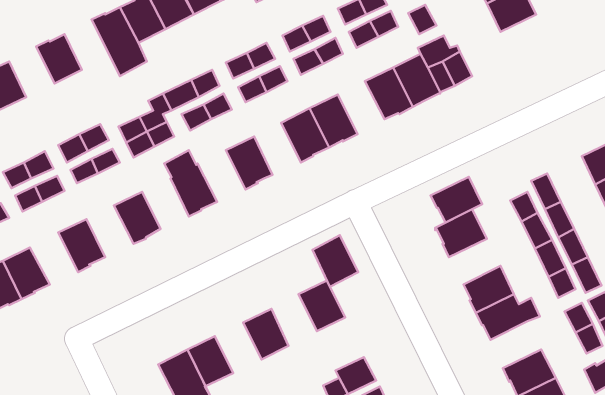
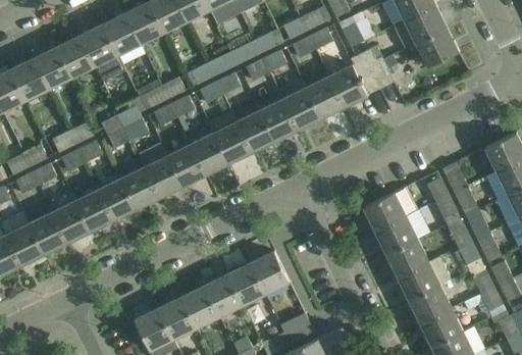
building: none -> [417,31,460,68]
building: none -> [56,35,94,77]
building: none -> [10,57,51,100]
building: none -> [282,86,321,130]
building: none -> [213,120,252,163]
building: none -> [166,143,206,186]
building: [431,177,482,223] -> [374,216,417,254]
building: none -> [120,166,159,208]
building: none -> [74,189,113,232]
building: none -> [28,211,67,254]
building: [313,235,358,287] -> [227,262,265,305]
building: none -> [409,285,451,323]
building: none -> [180,286,219,327]

